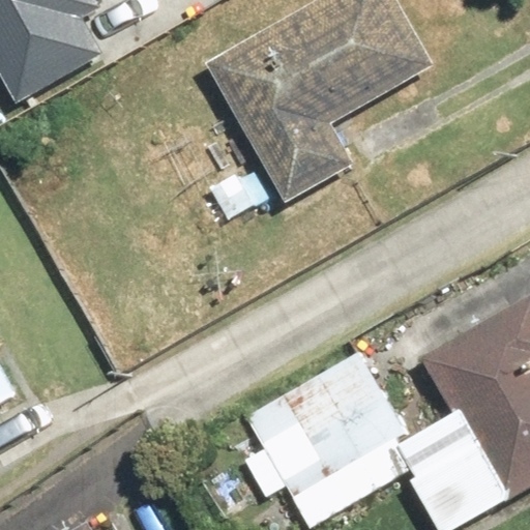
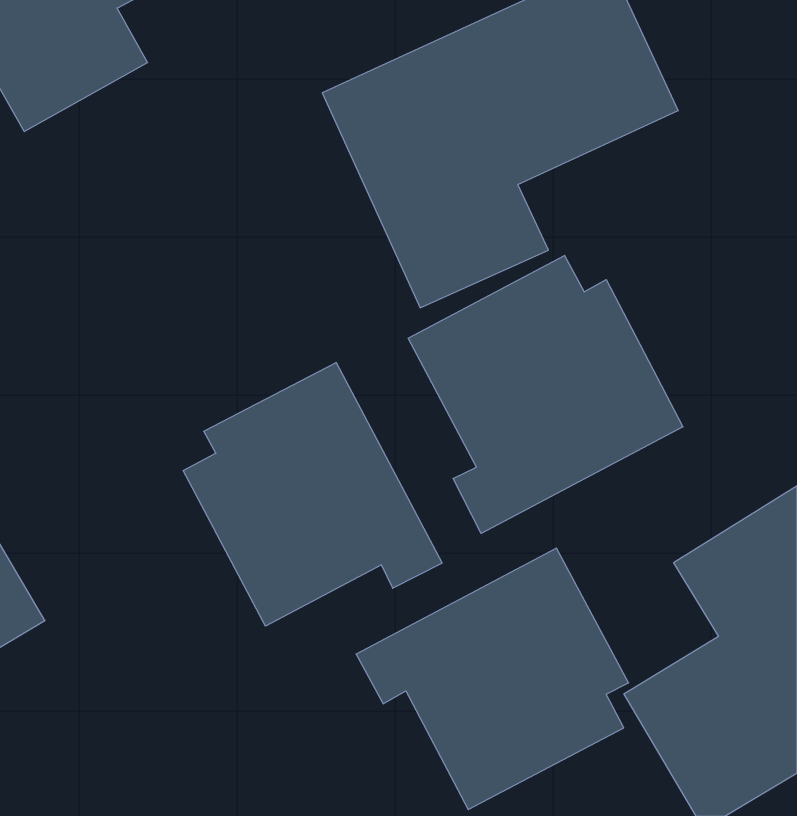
building: none -> [408,255,683,533]
building: none -> [183,362,442,626]

